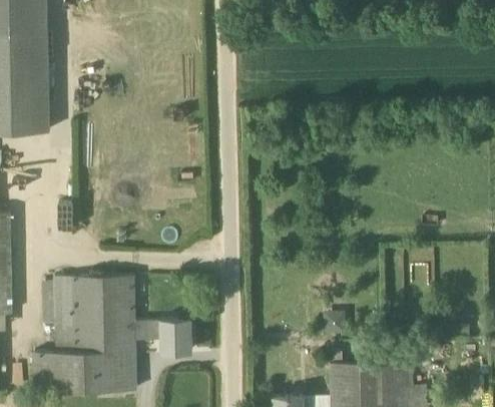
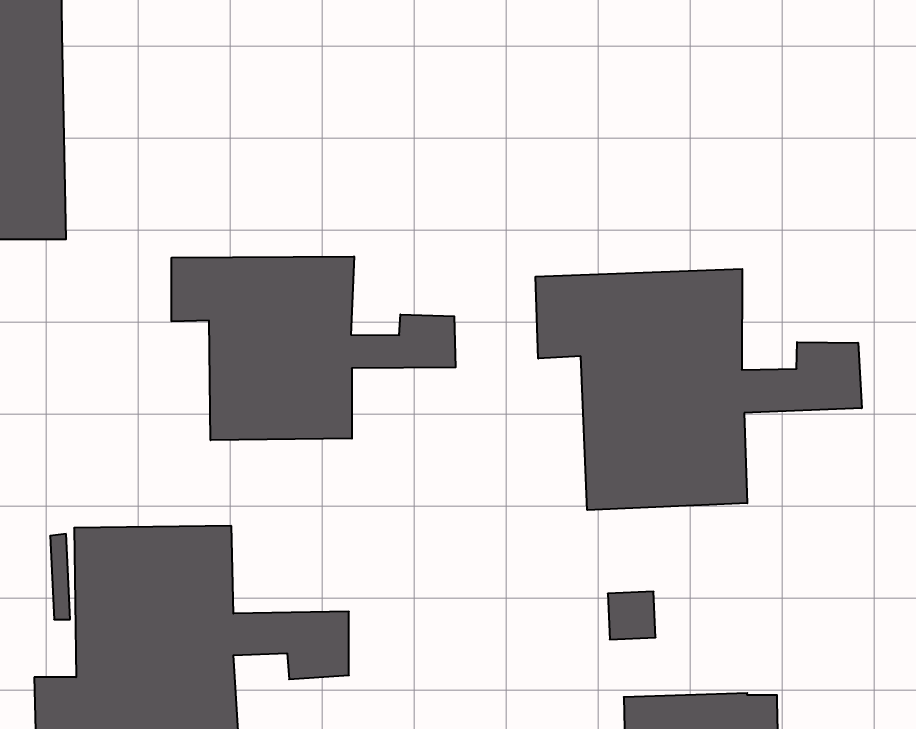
building: none -> [172,256,456,440]
building: none -> [536,269,862,510]

